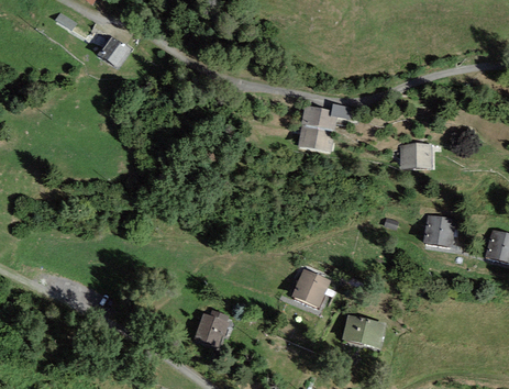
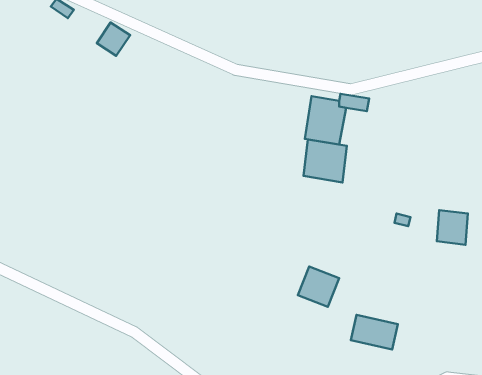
building: [399,144,432,169] -> none
building: none -> [303,139,347,182]
building: [196,311,229,345] -> none

